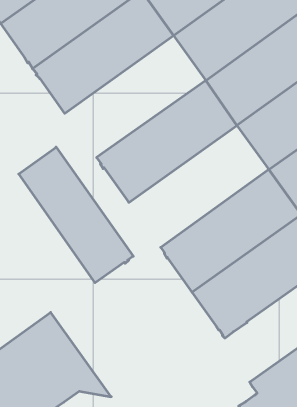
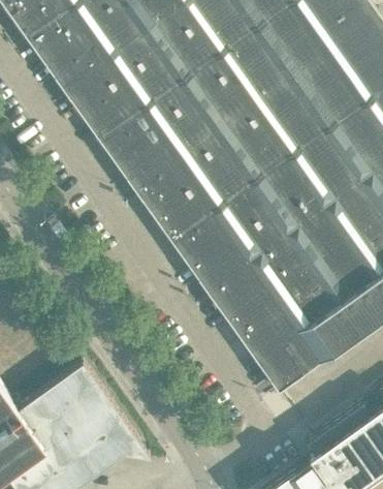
building: none -> [98,52,257,189]
building: none -> [170,153,328,291]
building: [19,147,133,283] -> none

